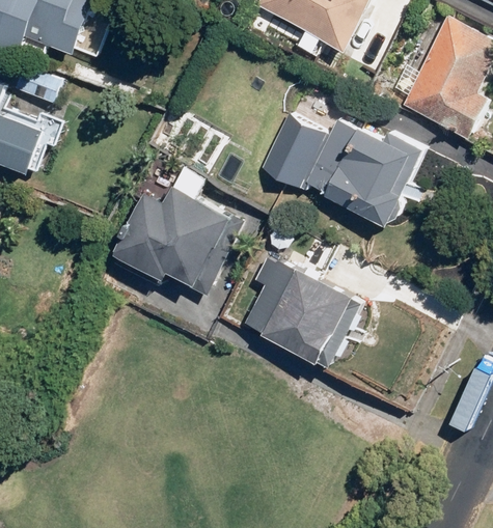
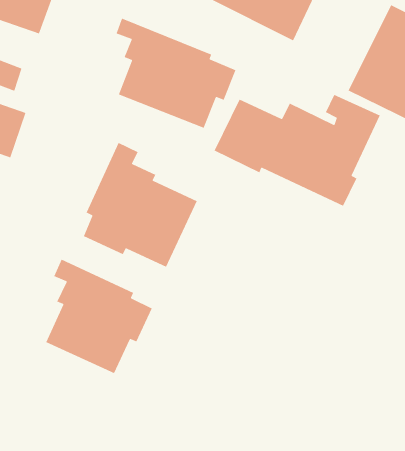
building: none -> [115,18,237,129]
building: [244,255,357,363] -> none
building: none -> [45,259,153,374]

